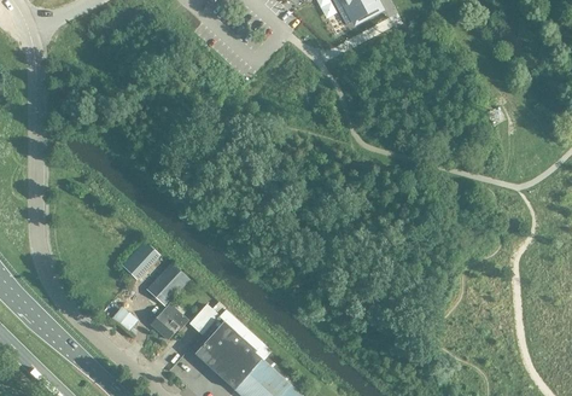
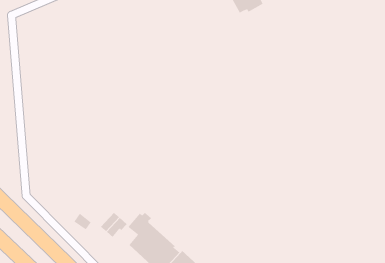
building: [122,240,160,279] -> none
building: [146,264,188,307] -> none

